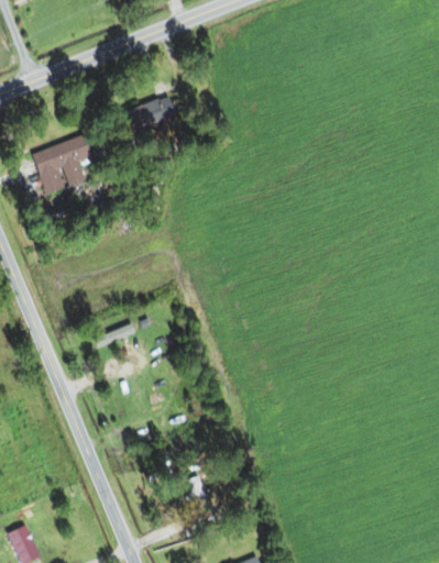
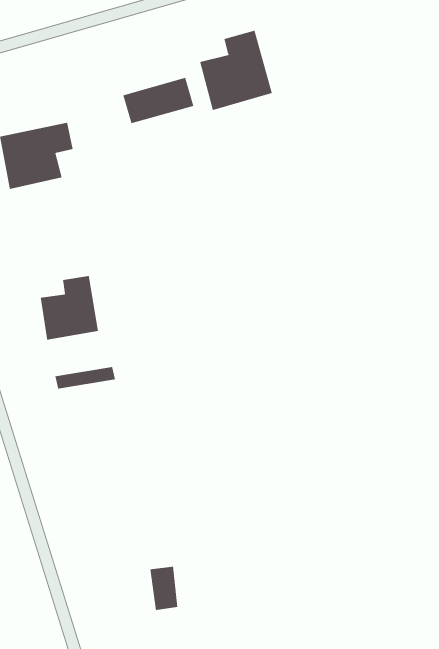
building: none -> [200,30,273,111]
building: none -> [40,275,99,341]

